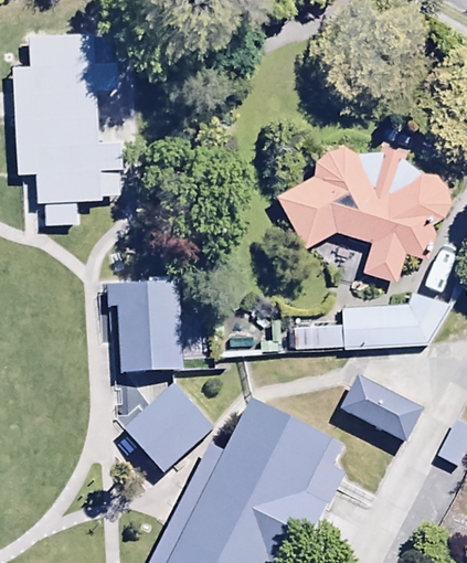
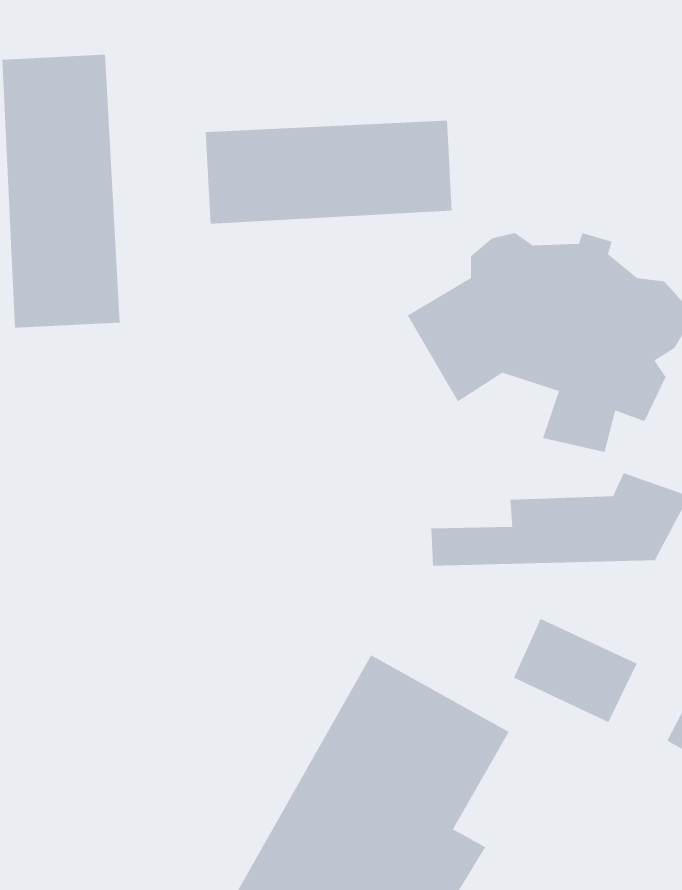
building: none -> [205,120,452,224]
building: [109,275,180,376] -> none
building: [126,386,216,476] -> none

